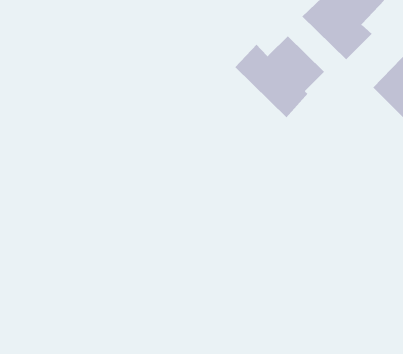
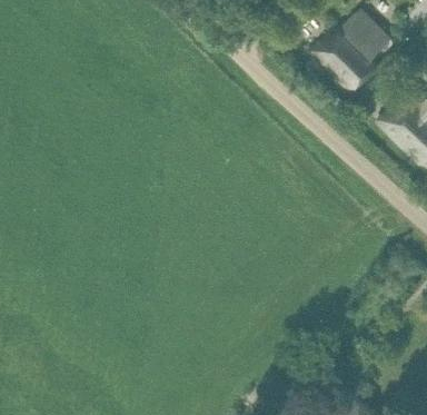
building: [234,35,325,118] -> none

